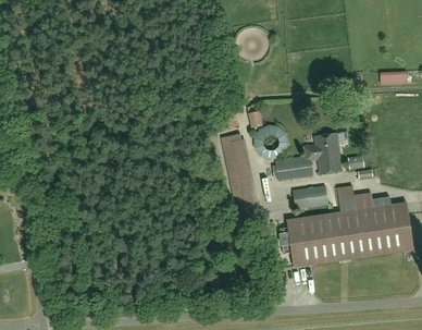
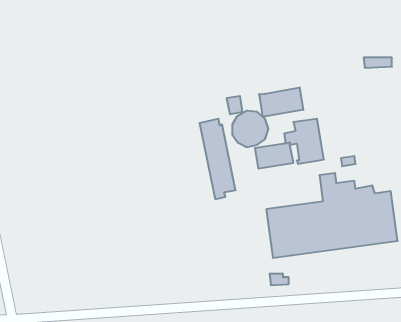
building: none -> [259,87,303,117]
building: [293,186,327,208] -> none

